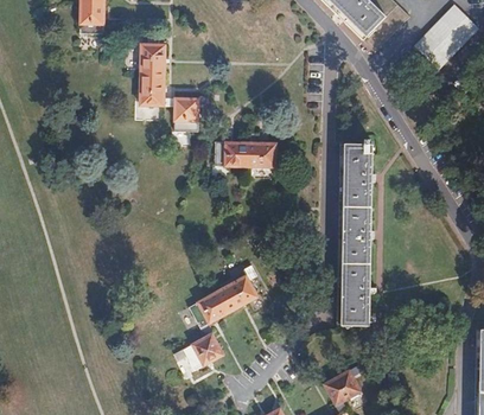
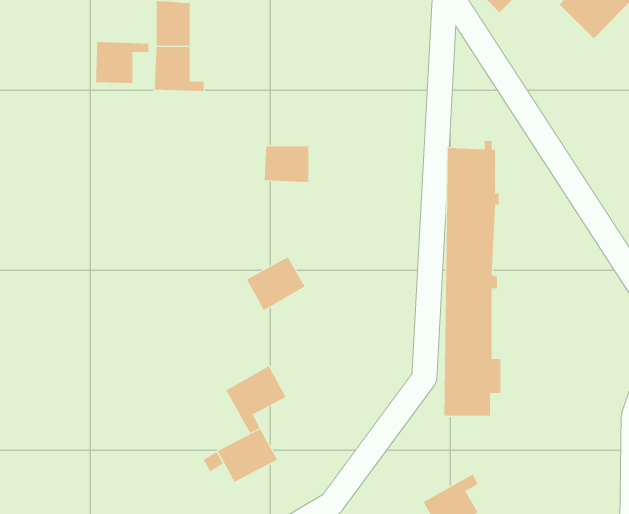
building: none -> [96,41,149,84]
building: [174,92,211,130] -> none
building: [246,141,276,167] -> none
building: [218,275,259,312] -> [246,257,305,311]

